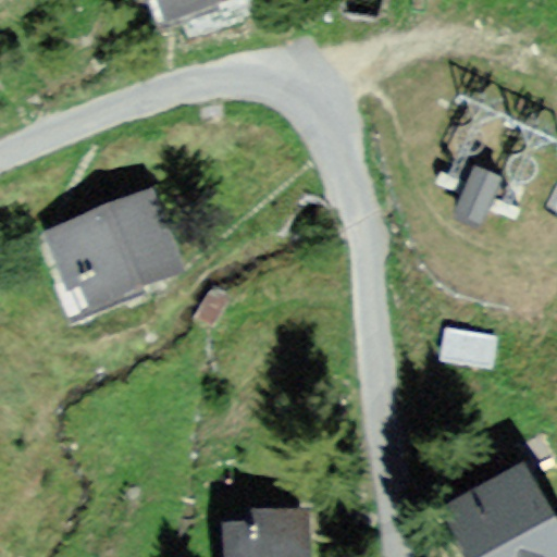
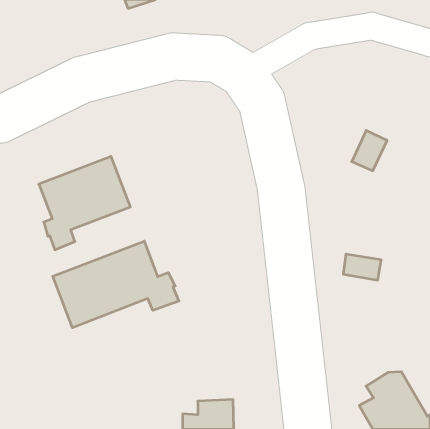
building: none -> [53,241,179,328]

